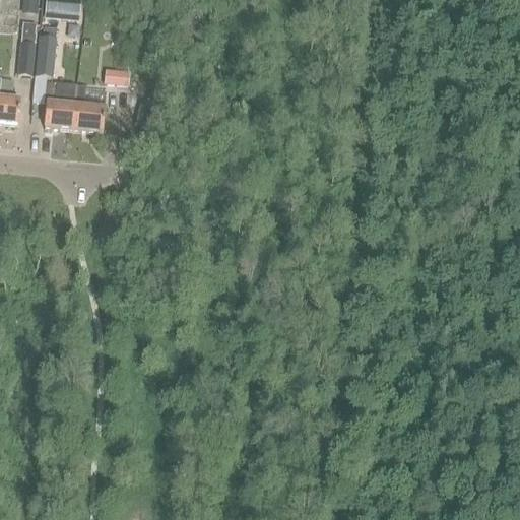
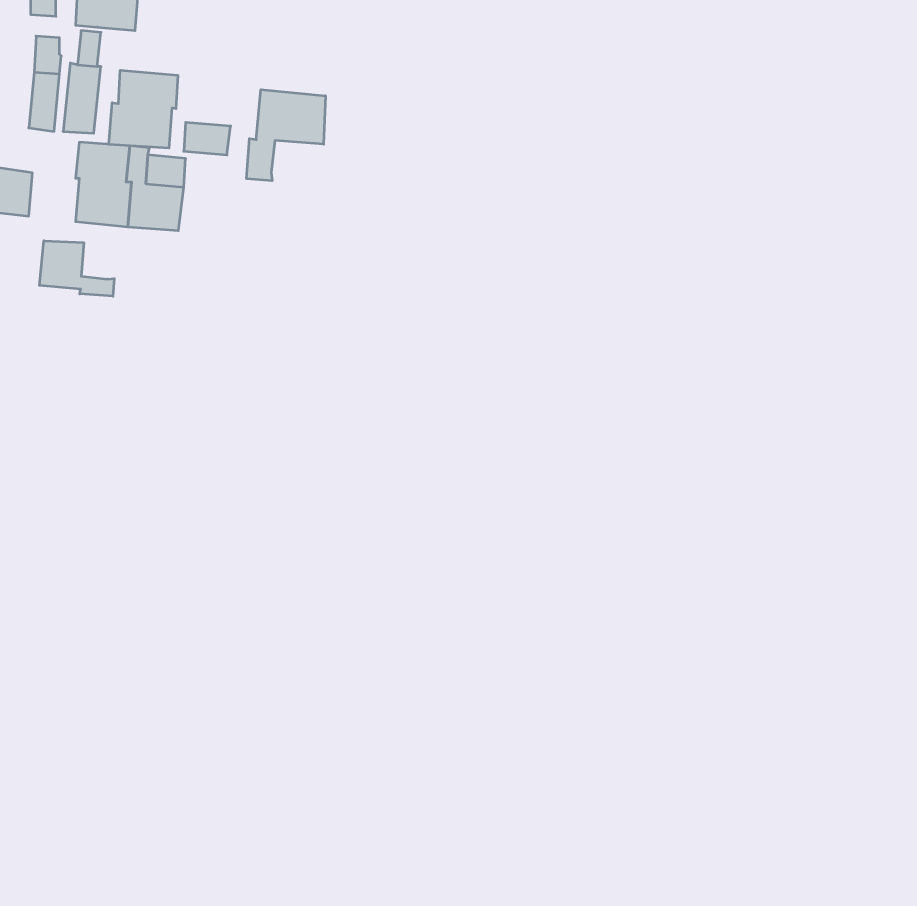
building: none -> [109,70,178,148]
building: none -> [247,90,325,181]
building: none -> [39,241,114,296]

